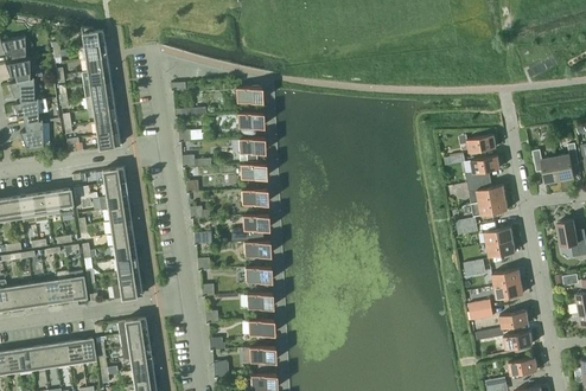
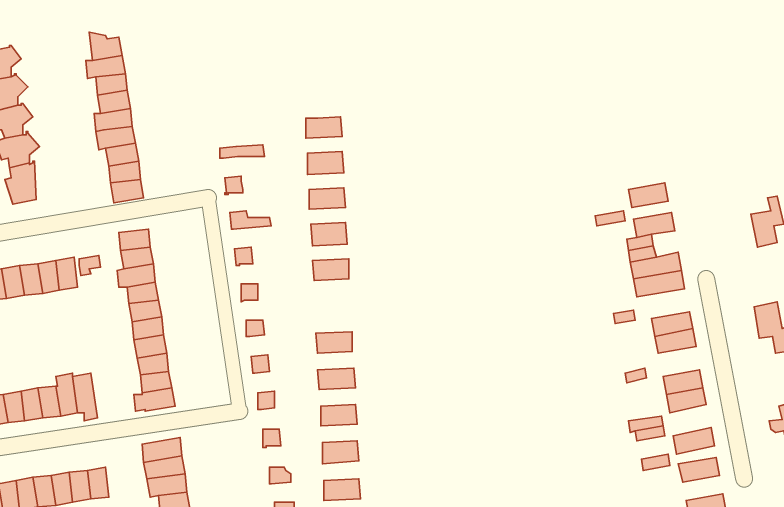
building: [533,150,560,184] -> none
building: [231,216,268,242] -> none

